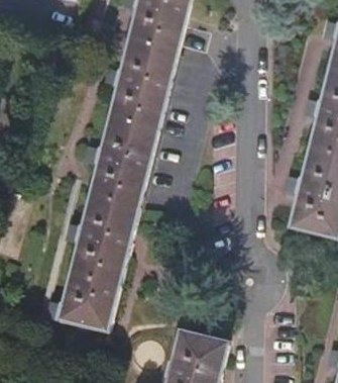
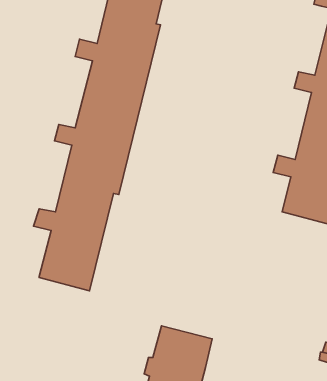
building: [43,286,115,330] -> none

